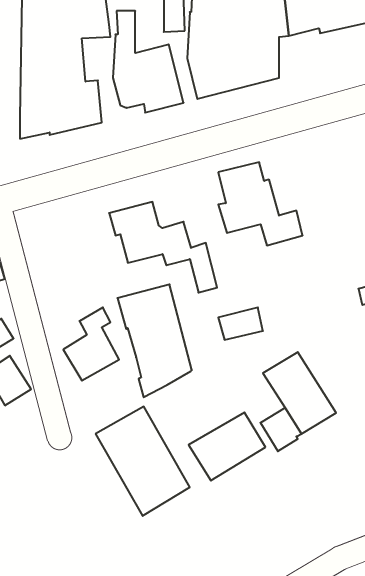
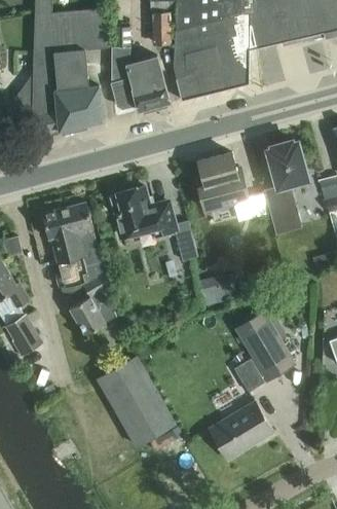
building: none -> [264,141,307,234]
building: [117,284,192,397] -> [42,202,104,295]
building: [189,412,265,481] -> [209,402,272,459]

